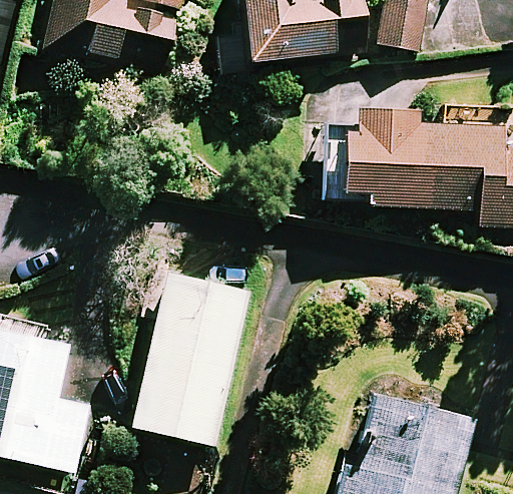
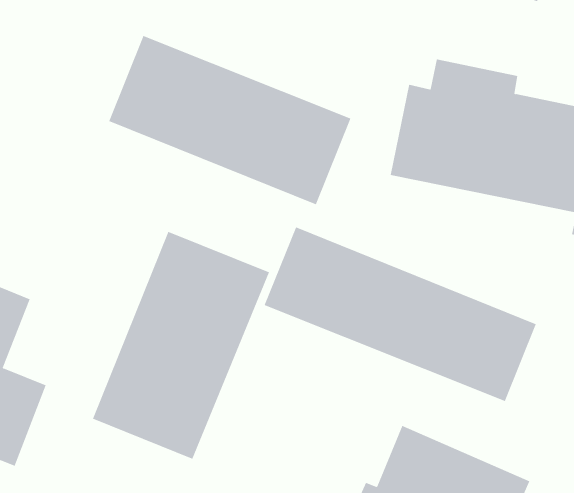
building: none -> [109,35,351,205]
building: none -> [264,226,536,402]

